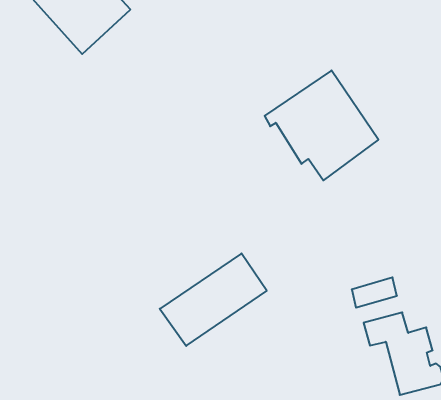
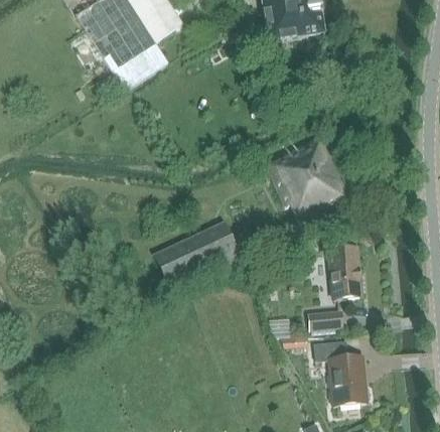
building: none -> [326,247,361,299]
building: [160,253,267,346] -> [151,221,239,287]

